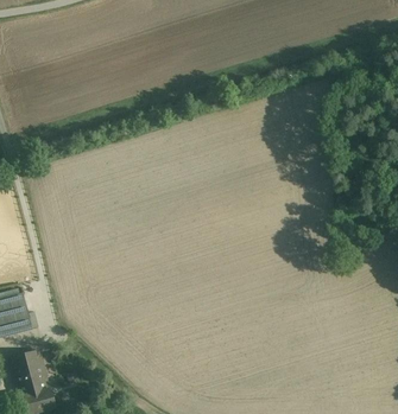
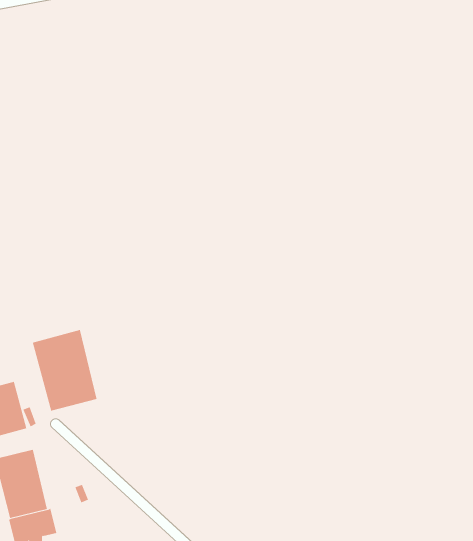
building: none -> [32,329,97,411]

